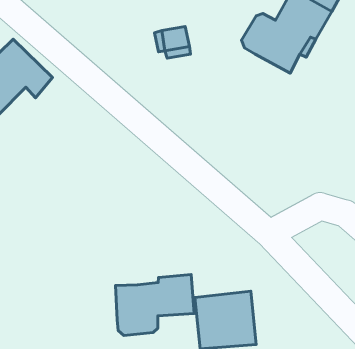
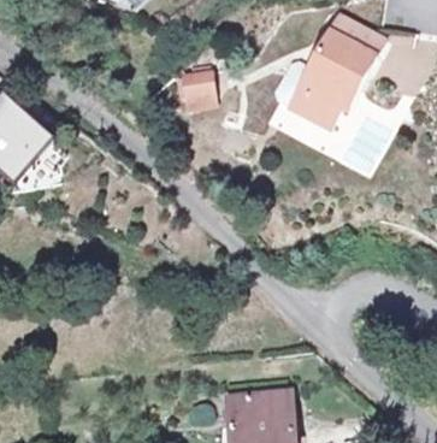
building: [115,275,194,336] -> none

